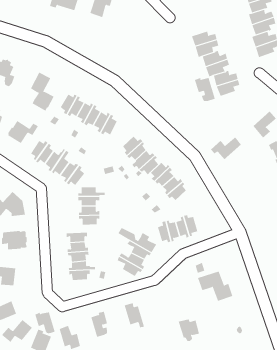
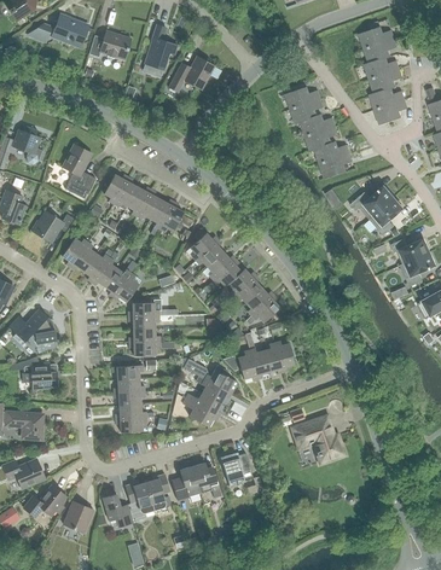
building: none -> [168,54,214,92]
building: [194,77,215,102] -> none
building: [210,136,242,160] -> [349,186,393,219]
building: none -> [170,465,199,500]
building: [35,312,56,334] -> [124,482,153,512]
building: [178,319,200,342] -> [220,453,250,484]

